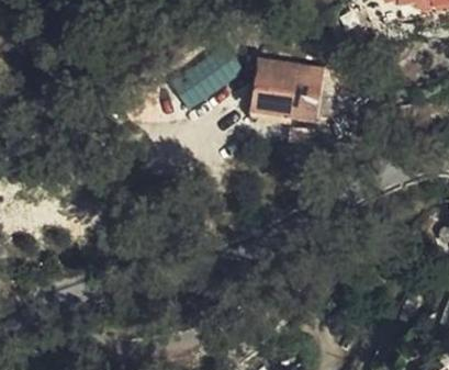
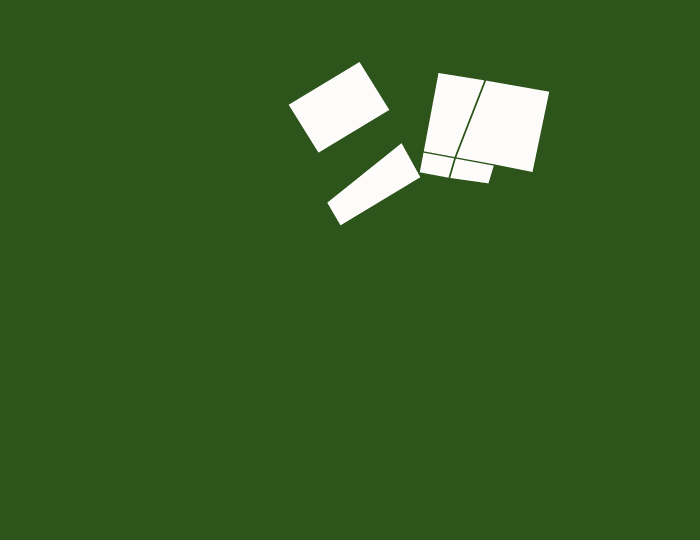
building: none -> [326,142,421,227]

